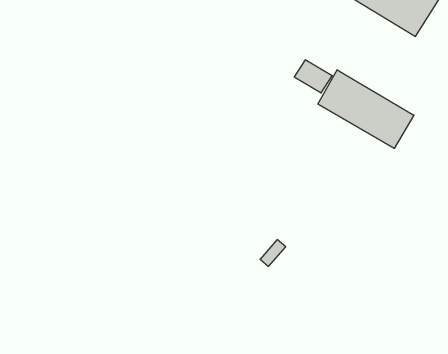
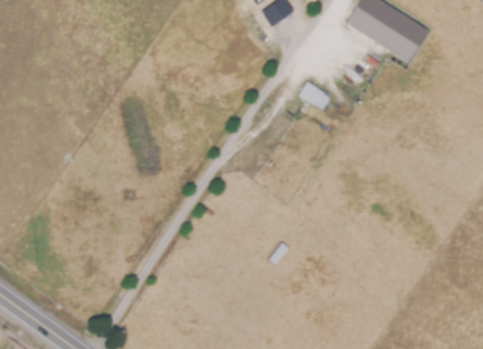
building: [318,70,414,148] -> none

